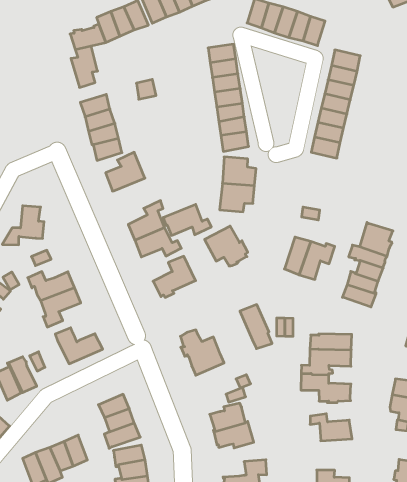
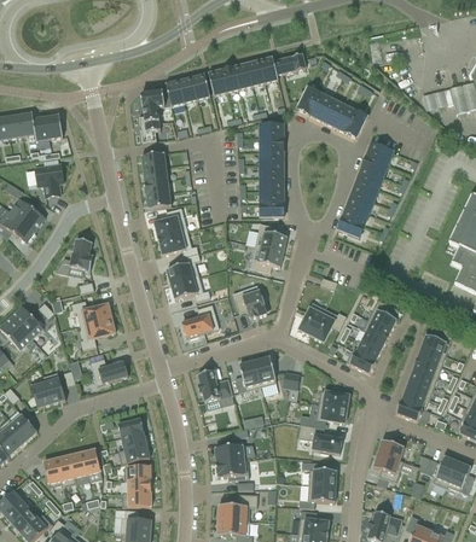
building: [163,204,211,235] -> [157,231,198,257]
building: none -> [234,360,261,392]
building: none -> [298,484,336,508]

